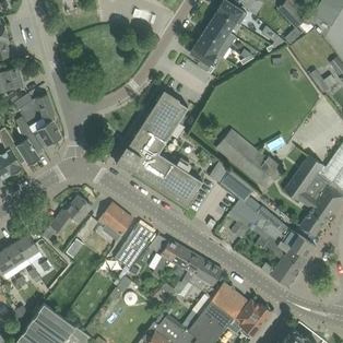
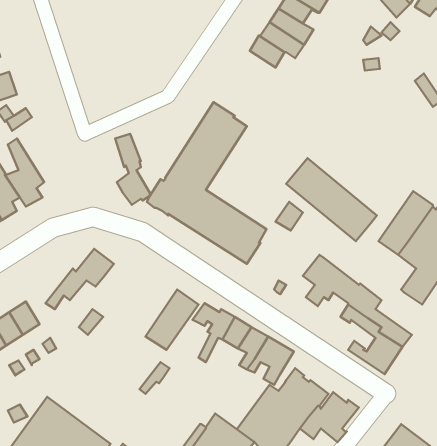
building: [36,95,61,146] -> [115,134,150,205]
building: [220,170,253,202] -> none
building: [99,203,132,239] -> none
building: [257,205,315,258] -> none

